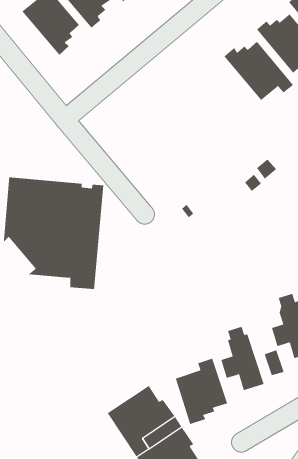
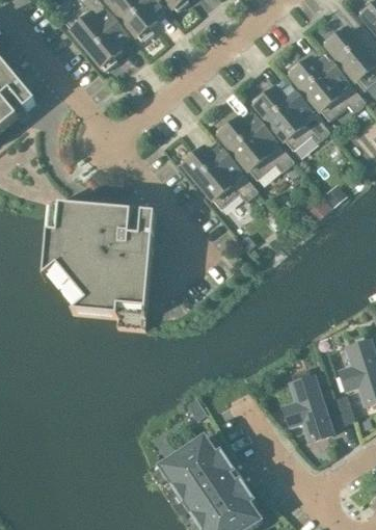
building: none -> [251,84,329,151]
building: none -> [215,113,293,180]
building: none -> [180,143,258,210]
building: [175,358,228,425] -> none

